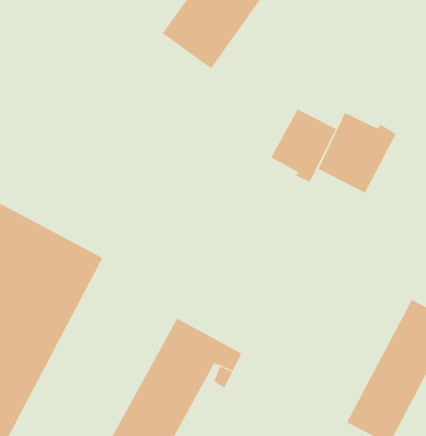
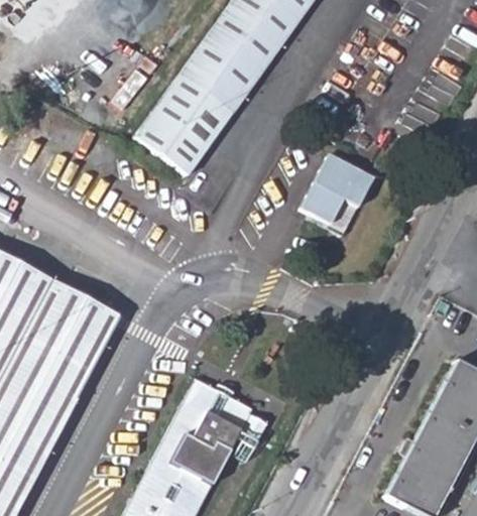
building: none -> [134,71,236,175]
building: [318,112,397,193] -> none

